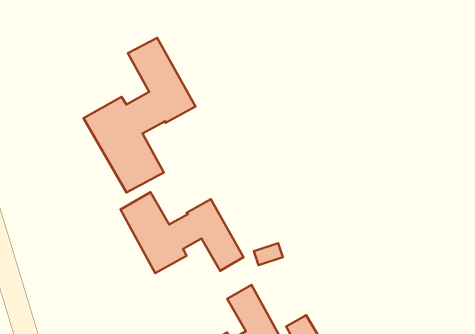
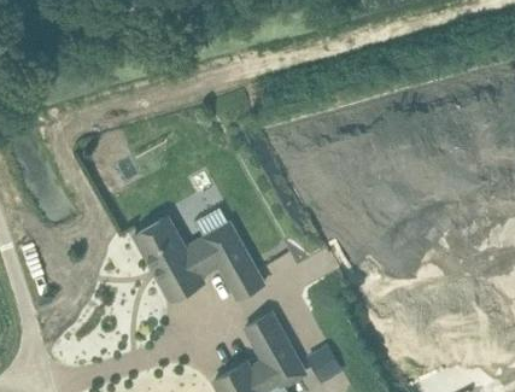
building: [84,38,195,193] -> none

